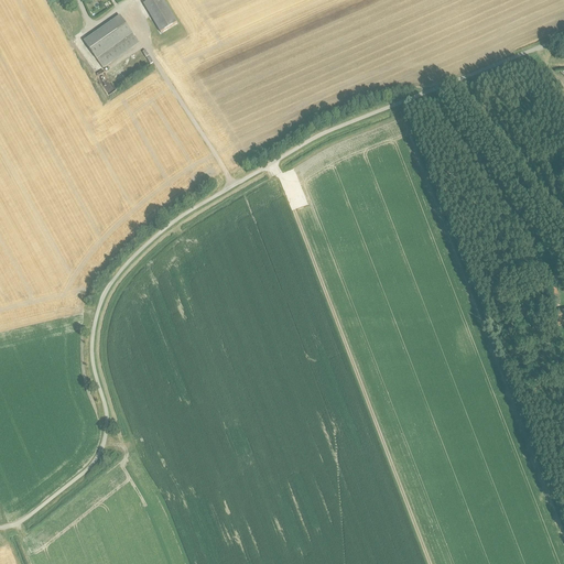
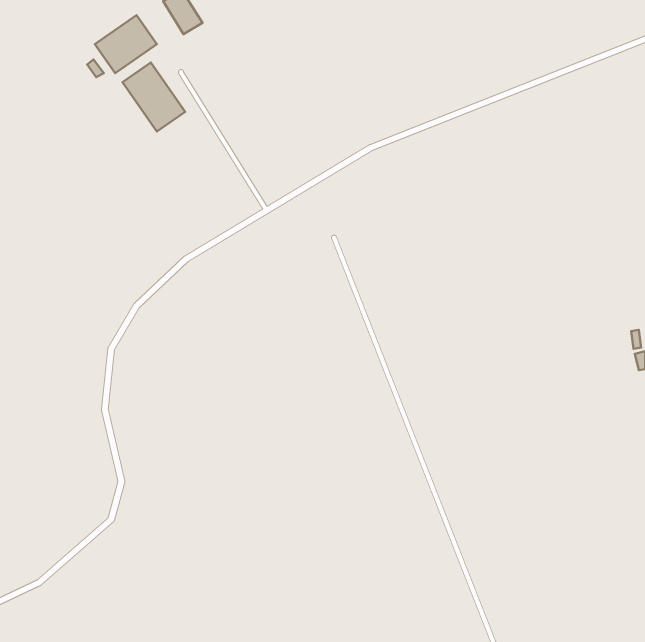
building: none -> [122,62,185,132]

